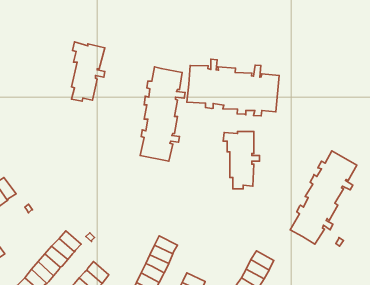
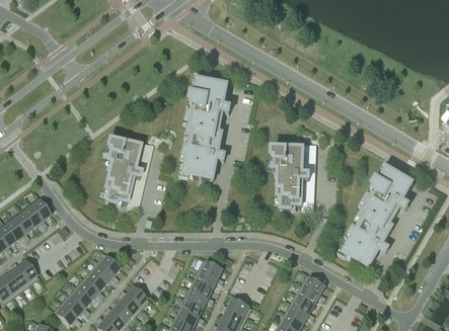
building: [72,42,105,101] -> [105,140,141,202]
building: [187,59,279,116] -> none

